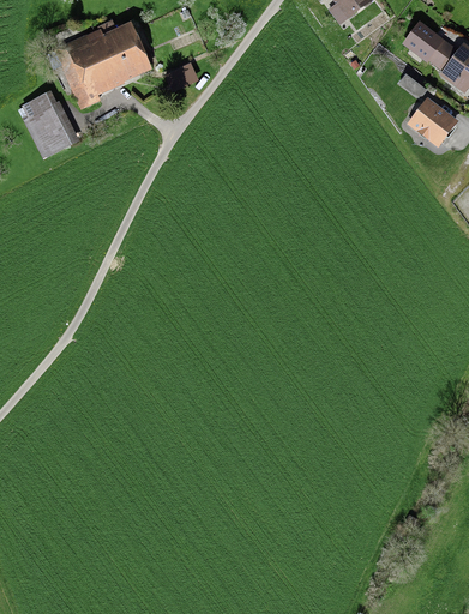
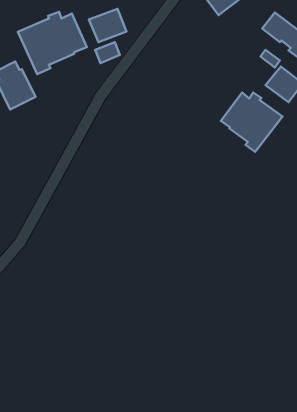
building: none -> [89,9,126,42]
building: none -> [221,92,282,152]

